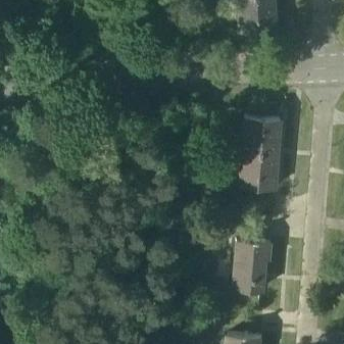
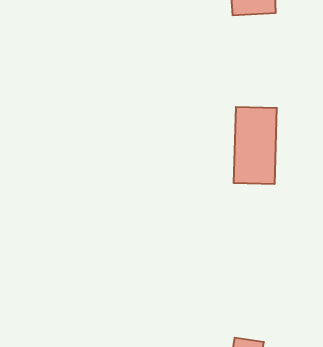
building: [234,240,268,293] -> none

